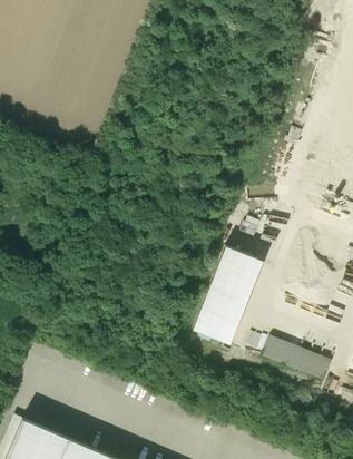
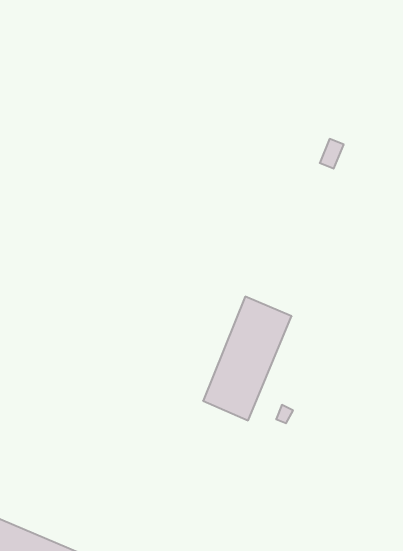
building: [263,339,332,381] -> none

